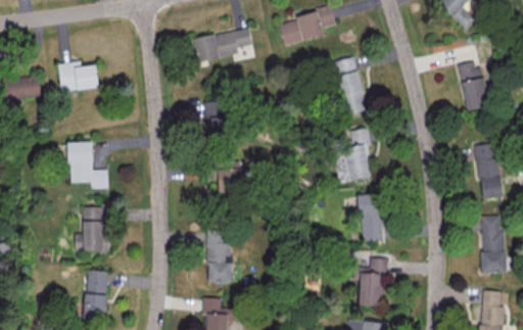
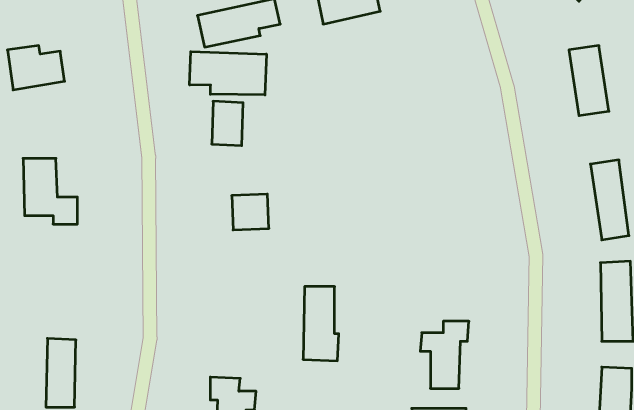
building: [330,56,366,115] -> none
building: none -> [190,52,266,95]
building: [332,128,373,182] -> none
building: [358,192,384,243] -> none
building: [75,206,106,251] -> none
building: [206,229,232,282] -> [303,287,339,361]

